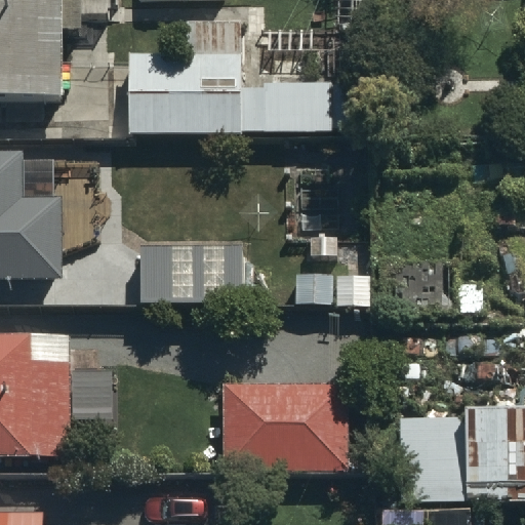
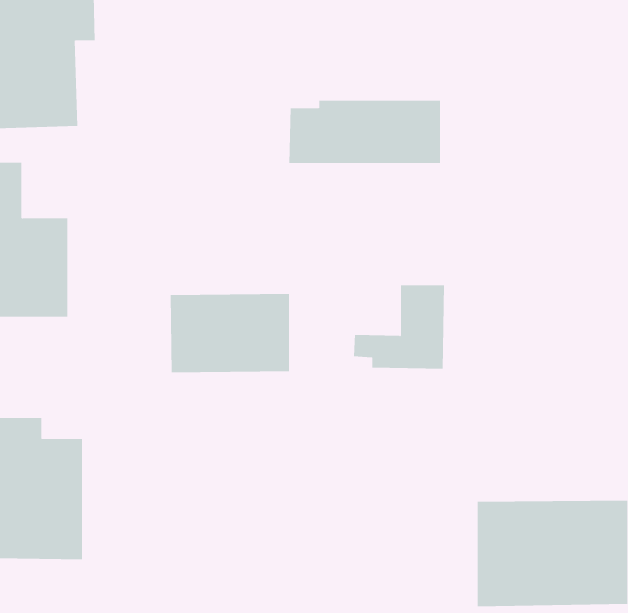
building: [129,19,241,135] -> none
building: [223,379,350,473] -> none

